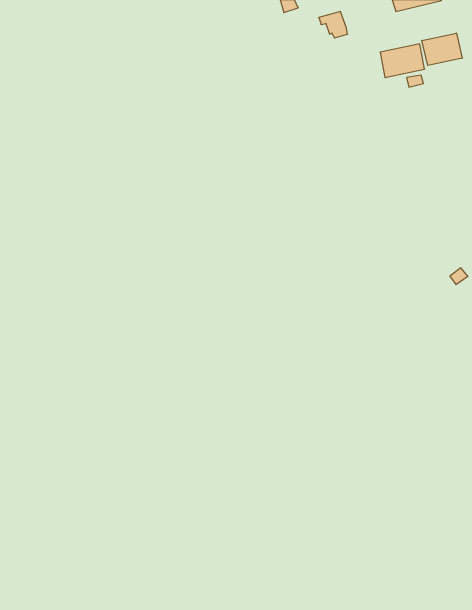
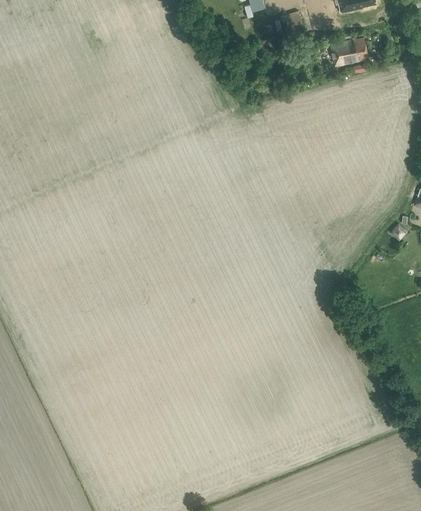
building: [422,33,462,65] -> none

